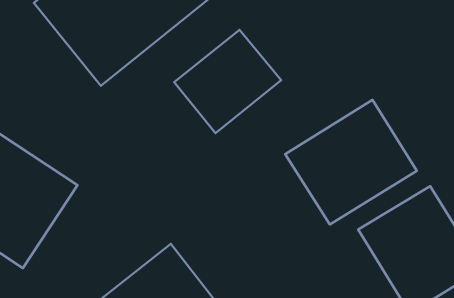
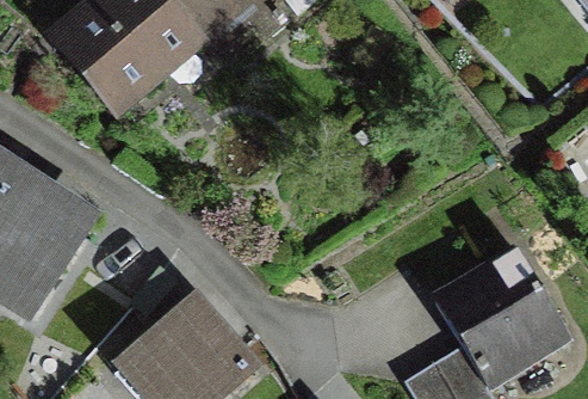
building: [174,30,281,133] -> none
building: [285,100,417,224] -> none

